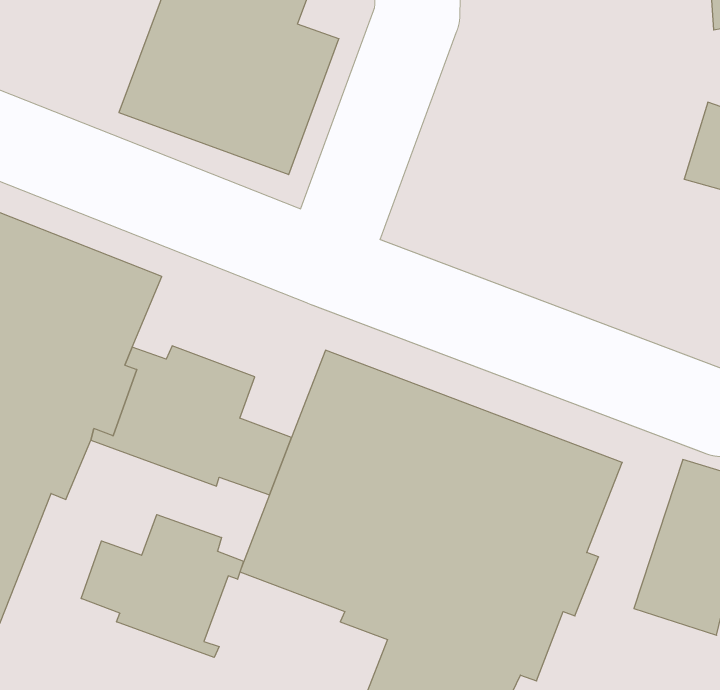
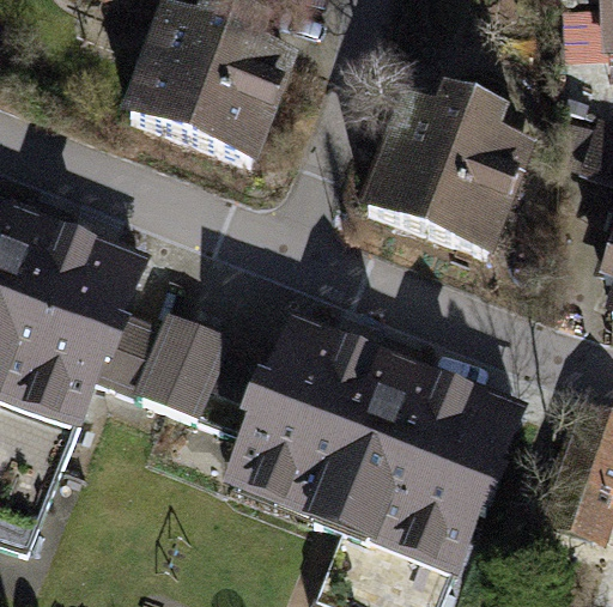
building: none -> [354,90,535,260]
building: [81,515,243,657] -> none

